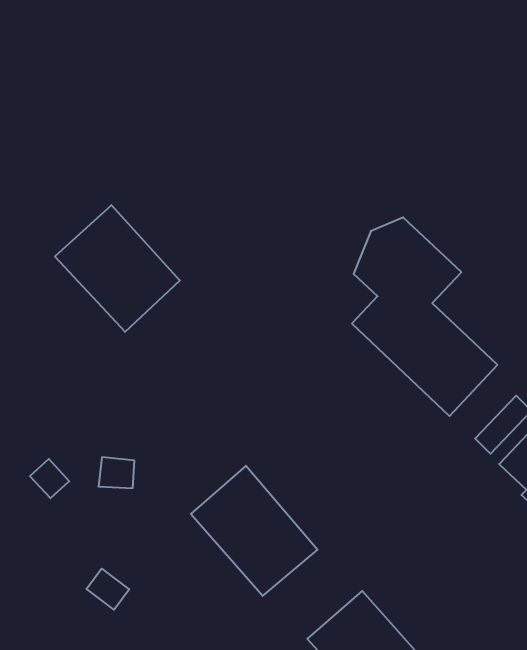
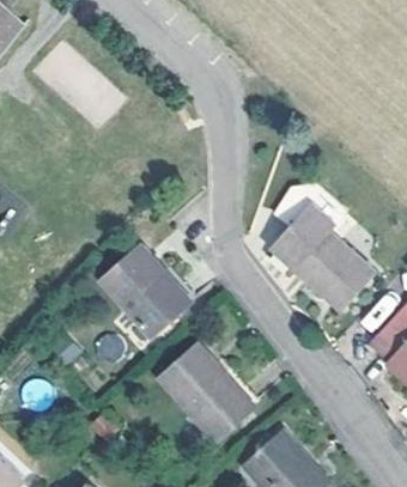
building: [55,205,180,332] -> [101,243,188,331]

